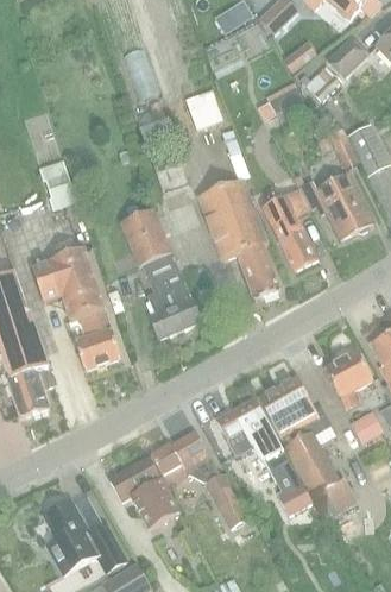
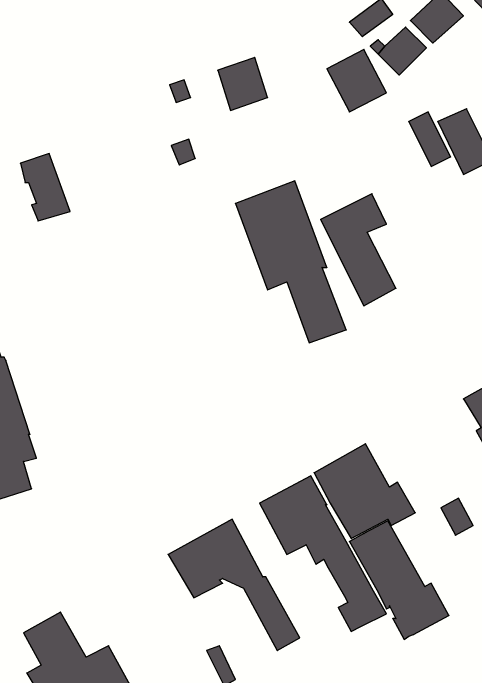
building: [299,172,372,238] -> none
building: [120,207,201,338] -> none
building: [31,246,119,369] -> none
building: [323,349,372,409] -> none
building: [108,456,177,528] -> none

